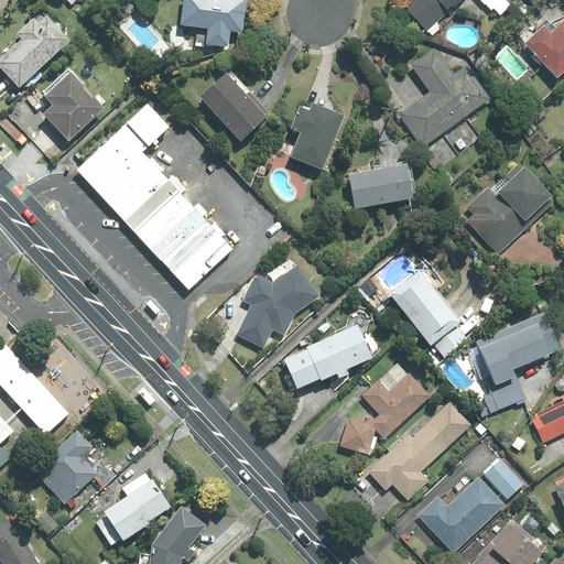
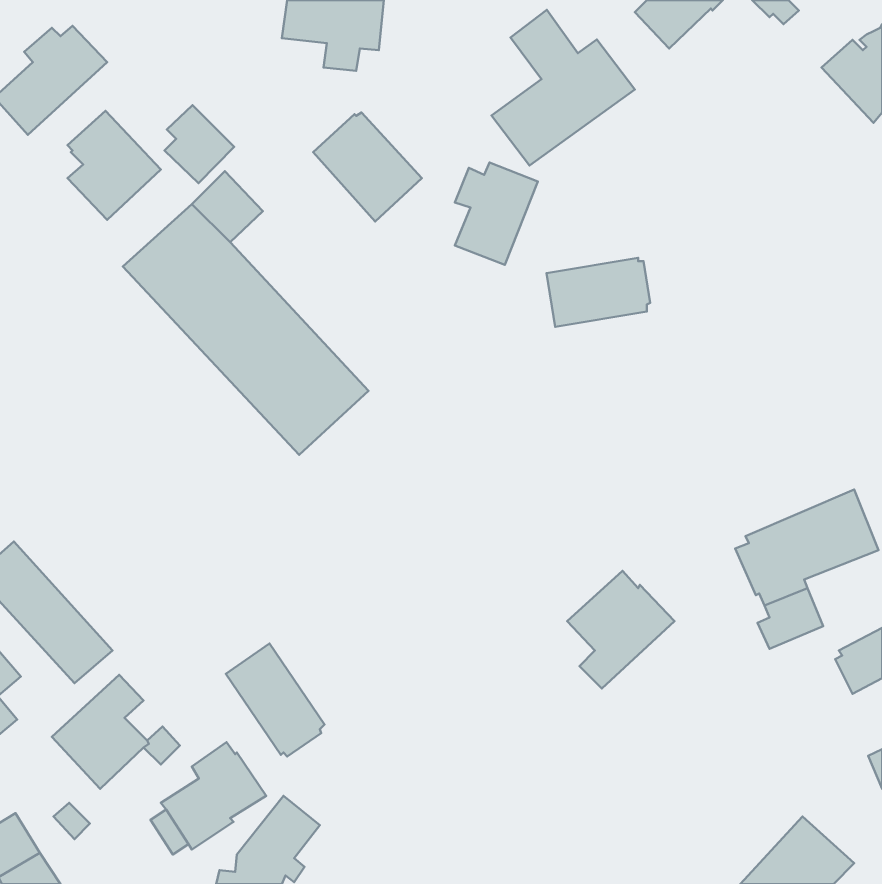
building: [398,47,489,147] -> [491,10,635,166]
building: none -> [164,105,234,183]
building: [467,163,552,253] -> none
building: [236,265,318,347] -> none
building: [389,267,467,357] -> none
building: [284,325,371,390] -> none
building: [368,403,469,500] -> none
building: none -> [226,643,325,756]
building: [338,417,375,454] -> none
building: [484,459,522,499] -> none
building: [417,477,503,553] -> none

